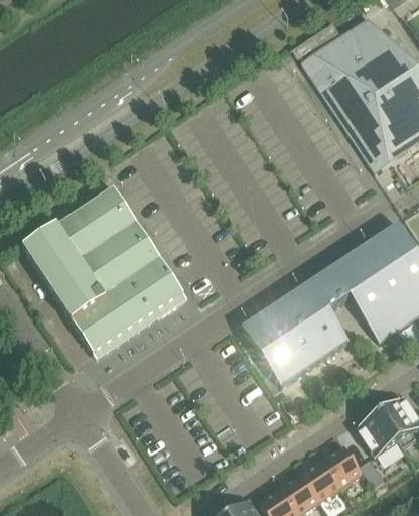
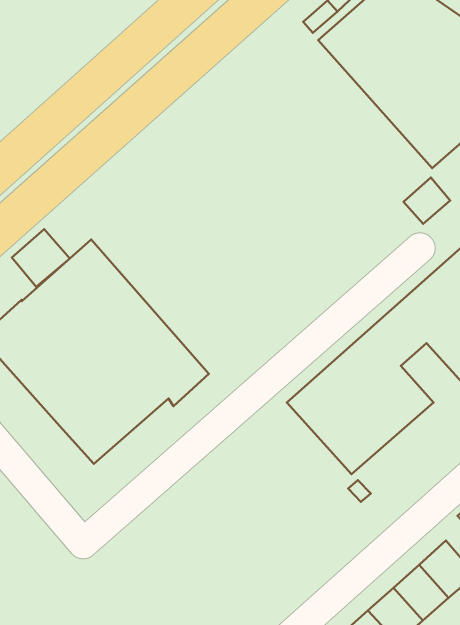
building: none -> [12,229,70,287]
building: none -> [403,177,450,224]

